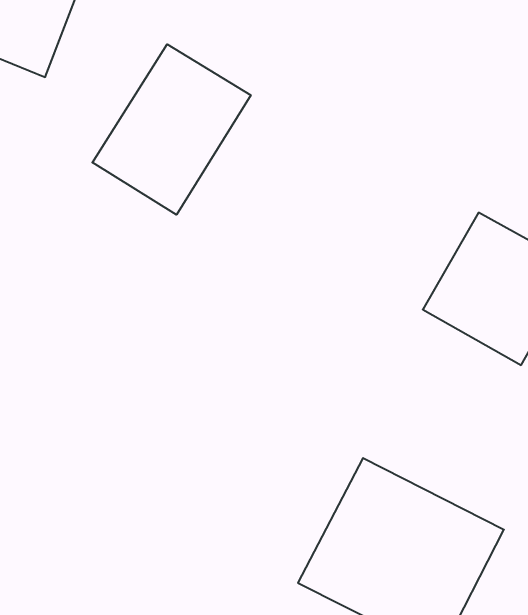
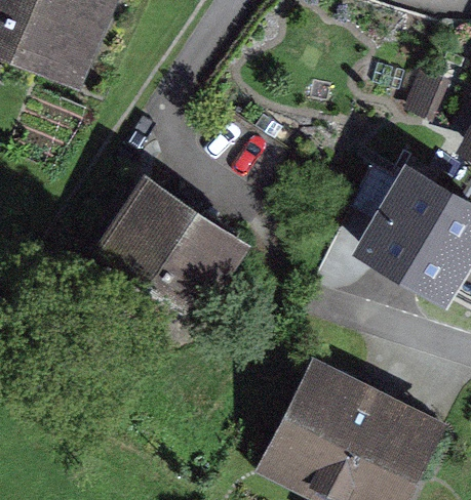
building: [92,44,251,215] -> none
building: none -> [84,182,236,312]

